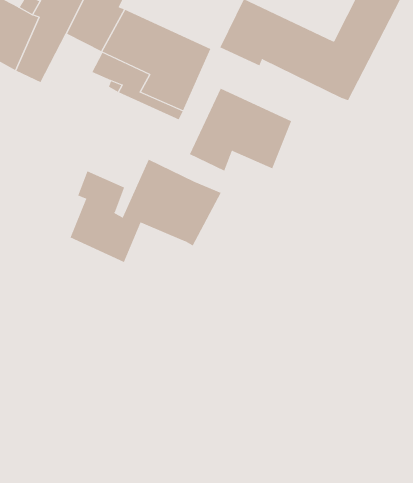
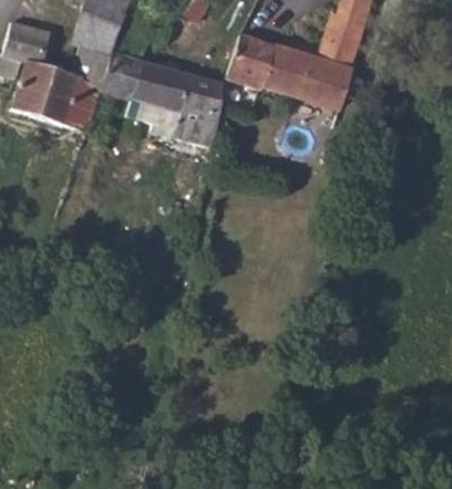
building: [189,88,292,171] -> none
building: [70,159,222,263] -> none

